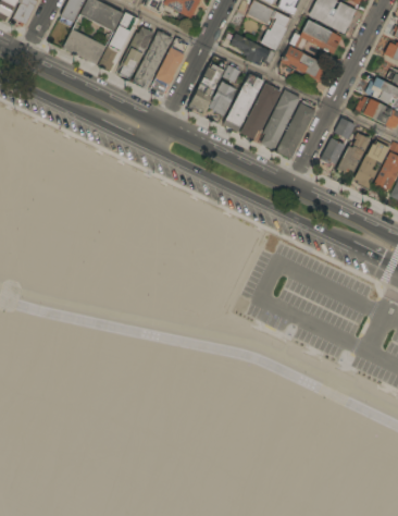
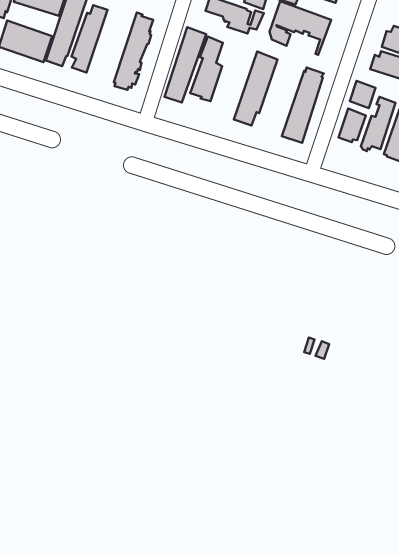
building: [133,30,173,86] -> none
building: [223,73,264,132] -> none
building: [261,89,301,150] -> none

